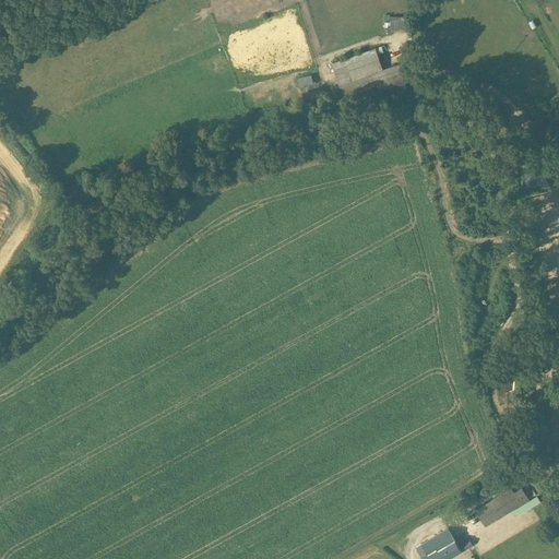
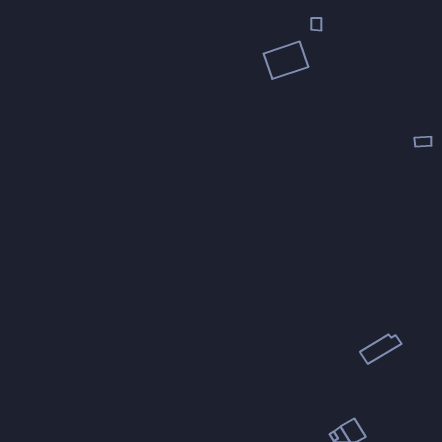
building: [474,488,526,525] -> [360,334,402,364]

